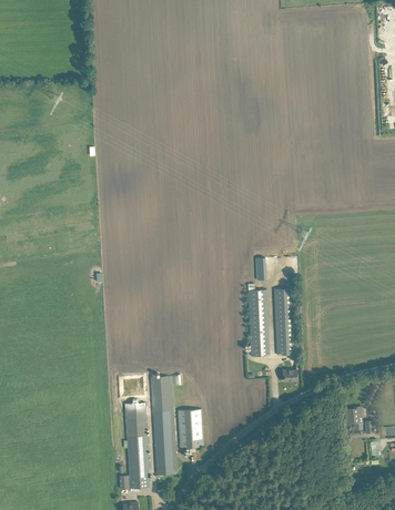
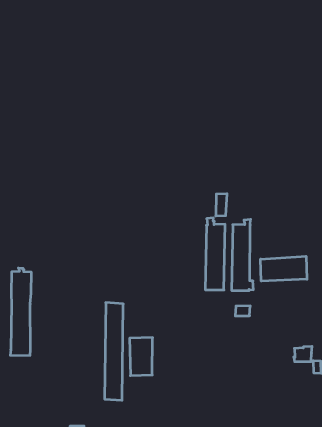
building: none -> [261,256,307,281]
building: [124,399,149,488] -> [10,268,31,355]

